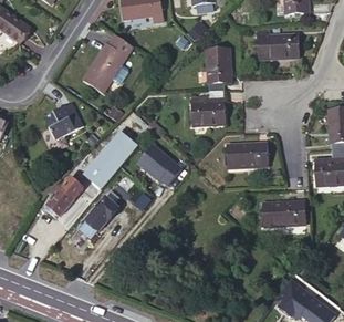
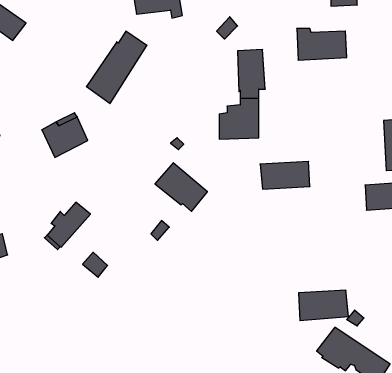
building: [85,131,138,188] -> none
building: [86,196,118,230] -> none
building: [264,200,306,226] -> [299,290,349,321]

